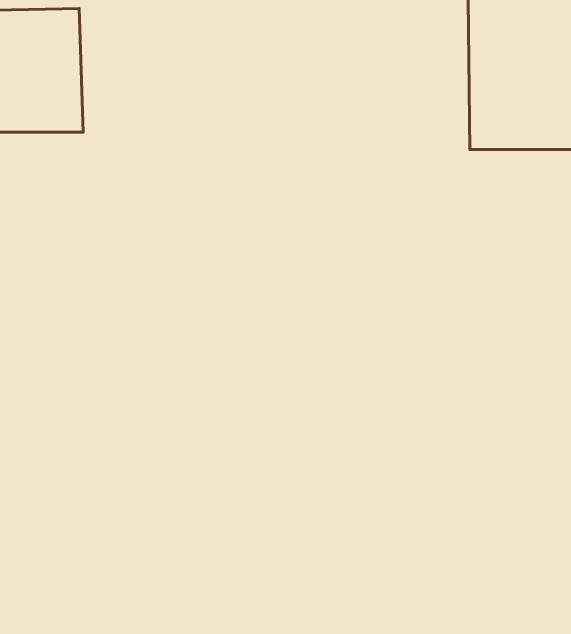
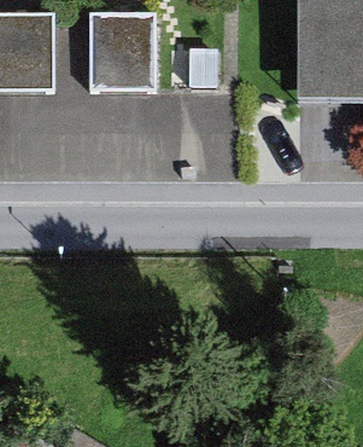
building: none -> [83,14,150,92]

